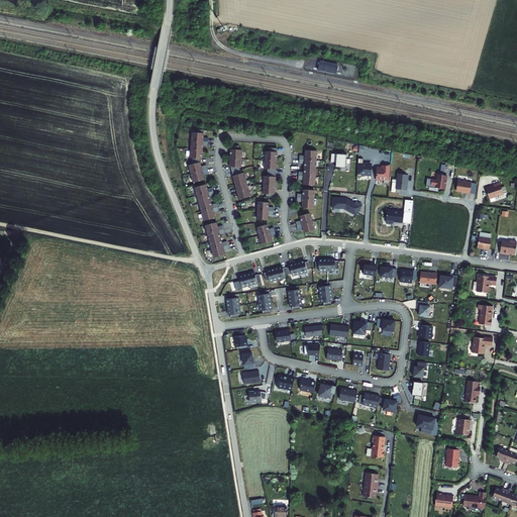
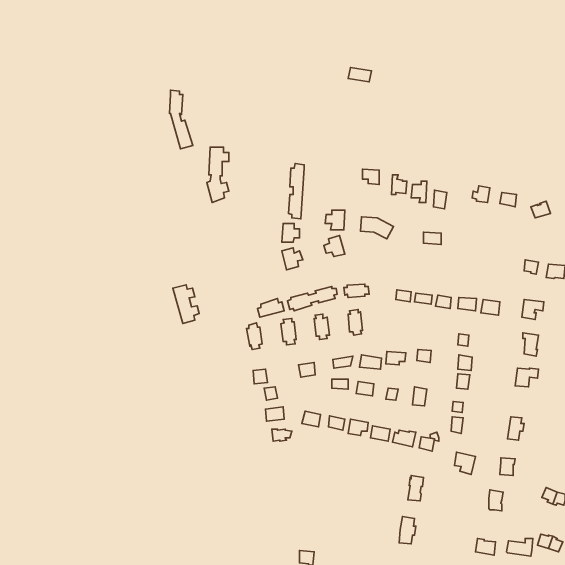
building: [230,147,251,201] -> [169,90,193,149]
building: [299,152,317,187] -> none
building: [195,186,219,222] -> none
building: [205,224,229,260] -> [173,285,199,323]

